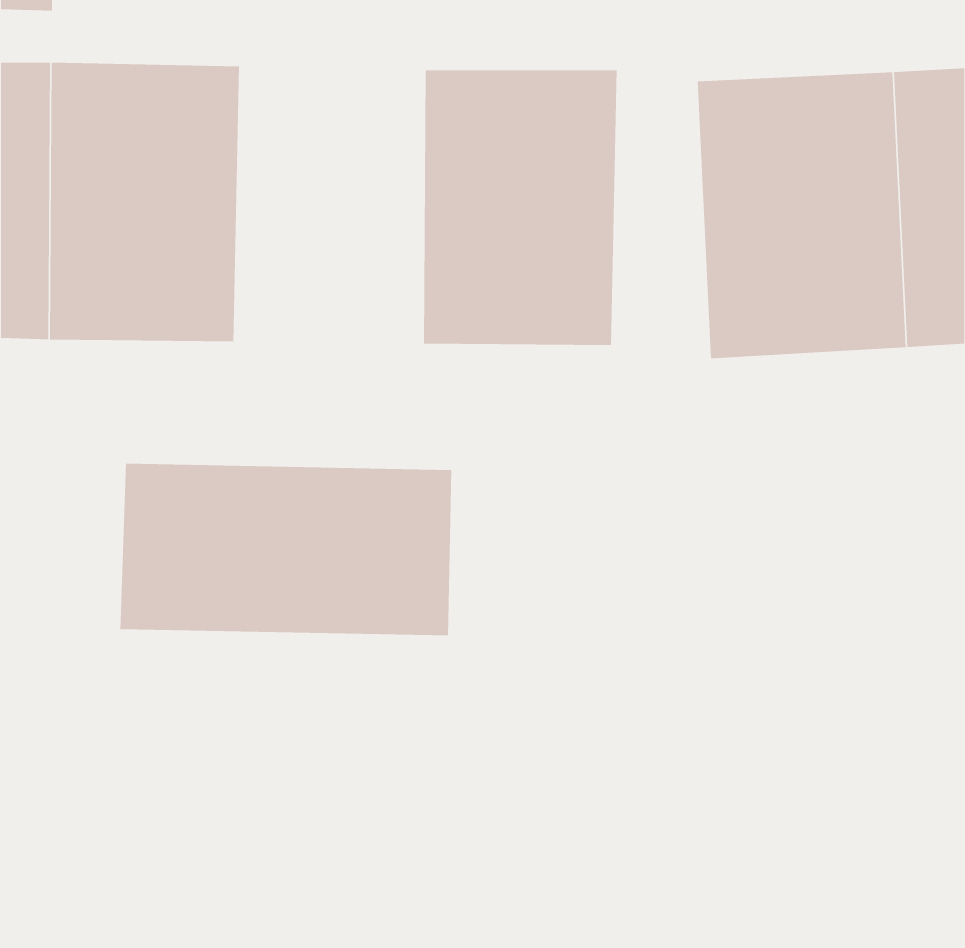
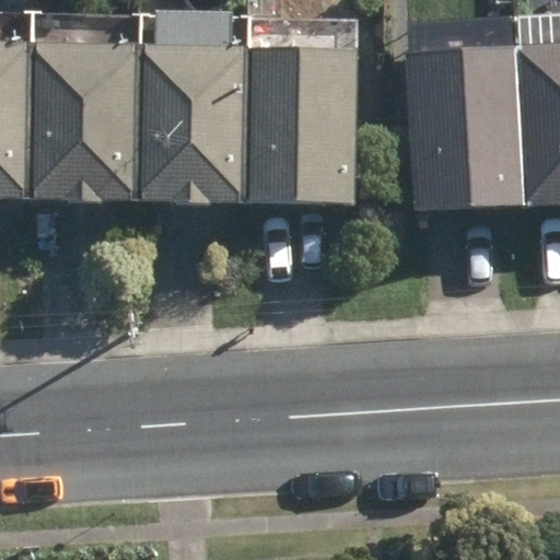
building: none -> [136,38,246,199]
building: [120,463,452,636] -> none

